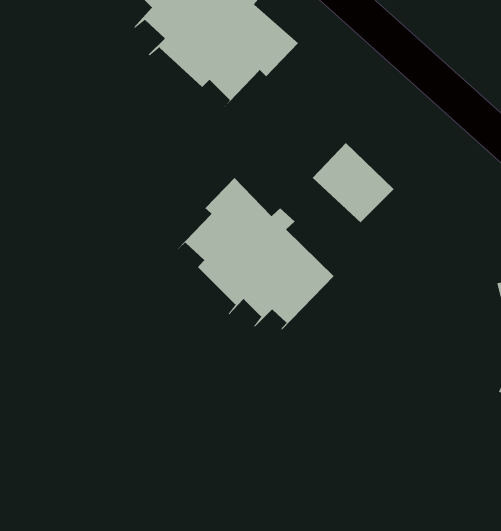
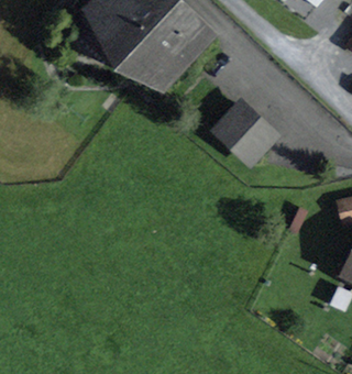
building: [176,177,335,331] -> none

